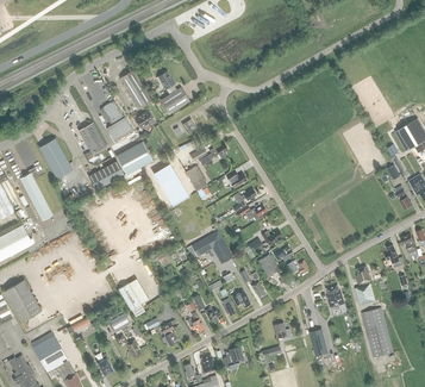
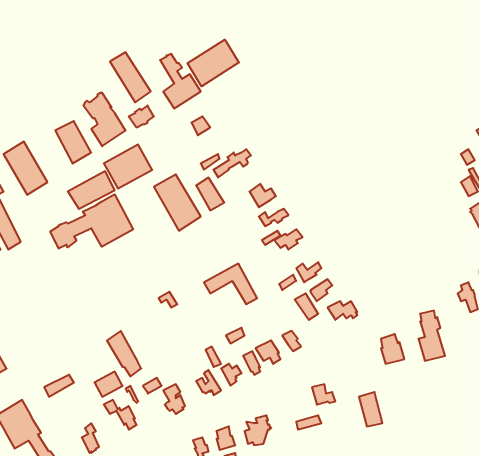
building: none -> [187,40,239,86]
building: none -> [50,194,133,249]
building: [362,307,393,357] -> none

